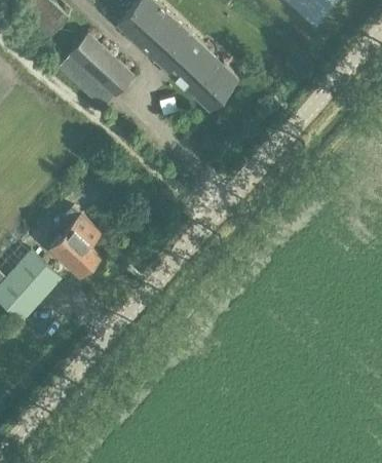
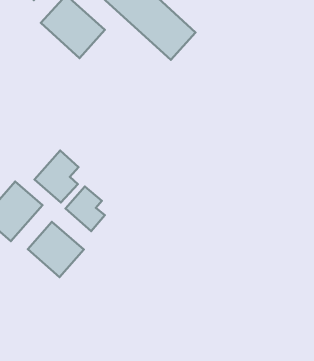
building: none -> [65,187,105,231]
building: none -> [28,222,84,277]

